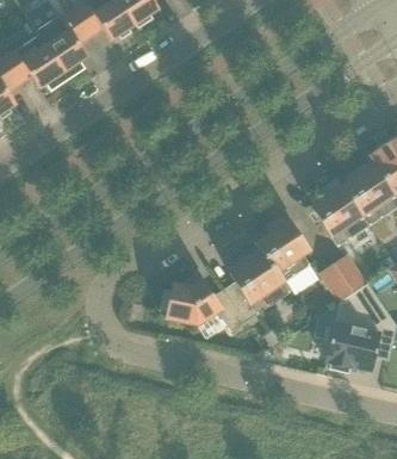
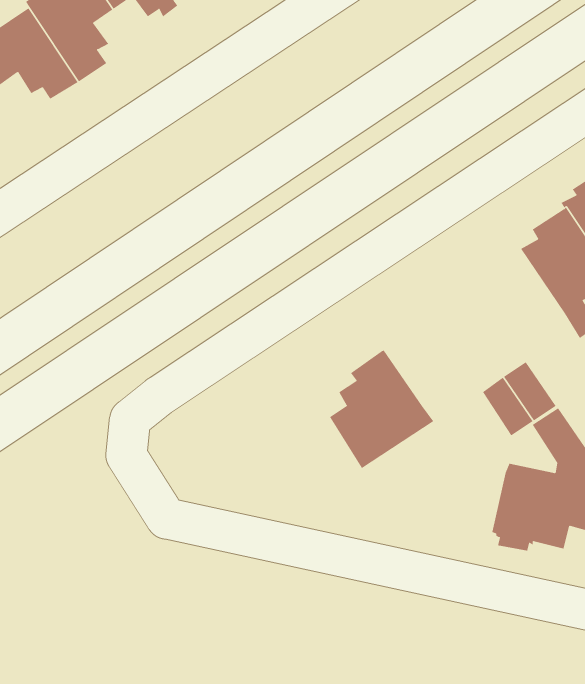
building: [311,178,370,246] -> none
building: [255,219,310,281] -> none
building: [160,279,244,329] -> none

